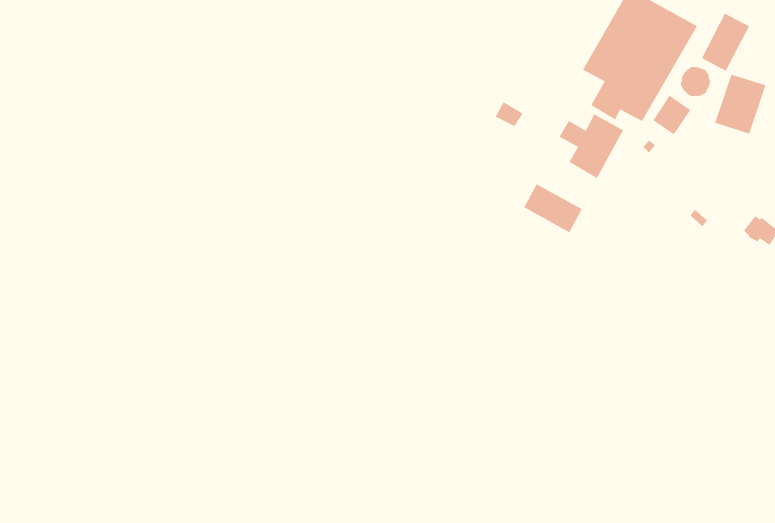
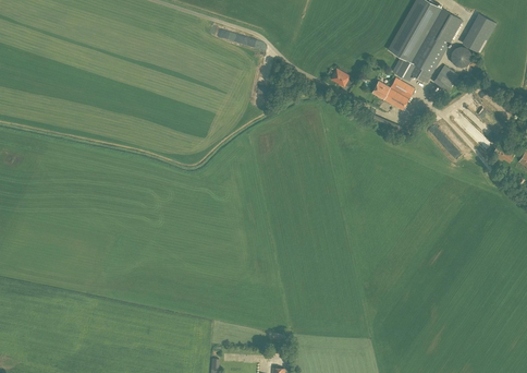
building: [715,74,766,135] -> none
building: [524,183,583,233] -> none

